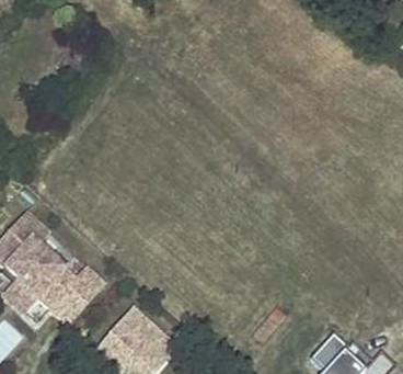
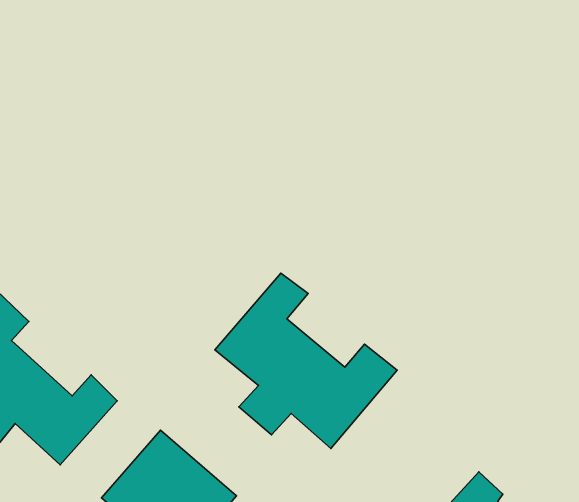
building: none -> [215,273,397,448]

